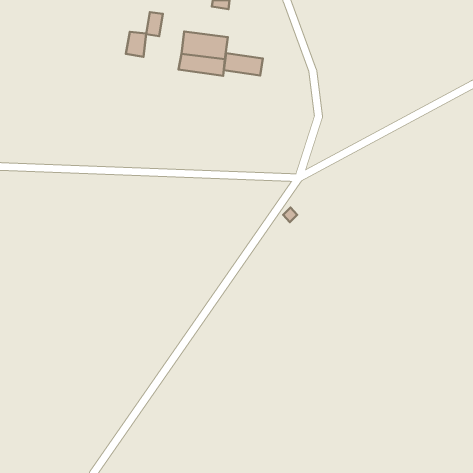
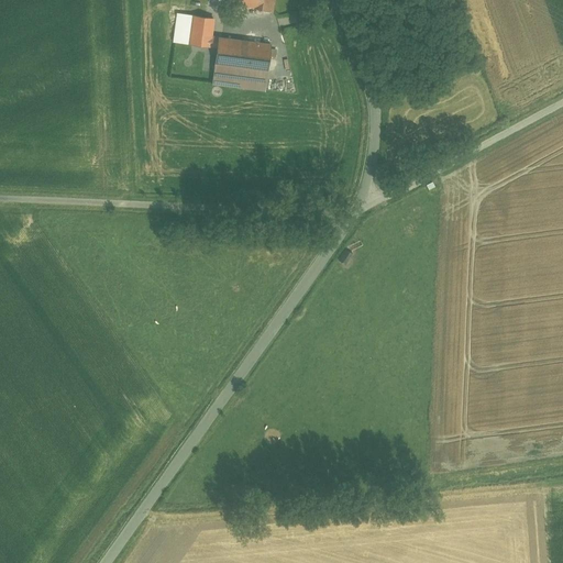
building: [126,32,146,57] -> [189,16,213,46]
building: [224,53,263,76] -> none

